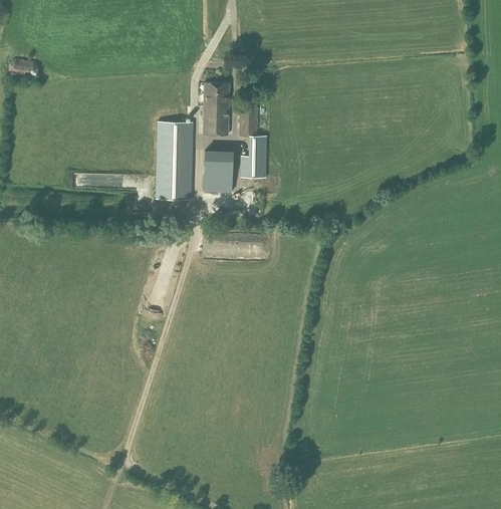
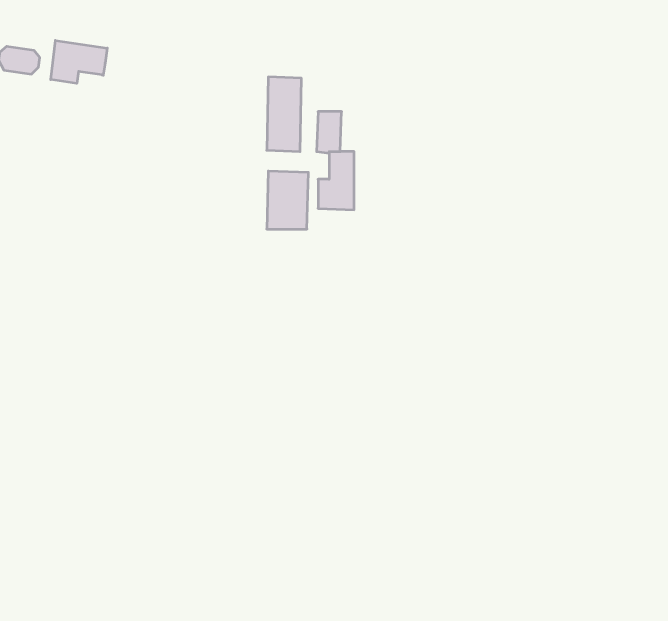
building: none -> [51,40,107,83]
building: [156,121,194,200] -> none

